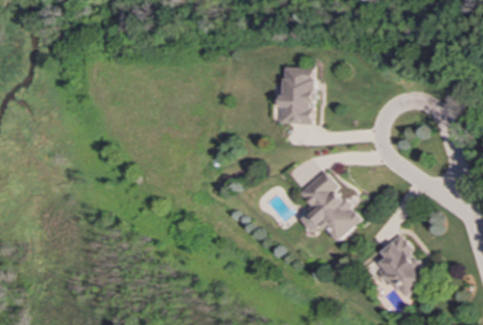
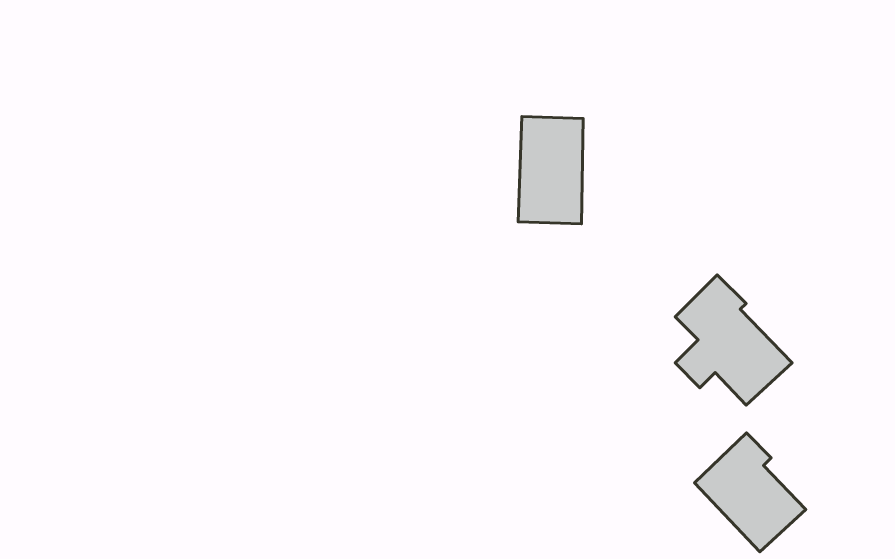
building: [299,171,361,240] -> [675,275,792,405]

